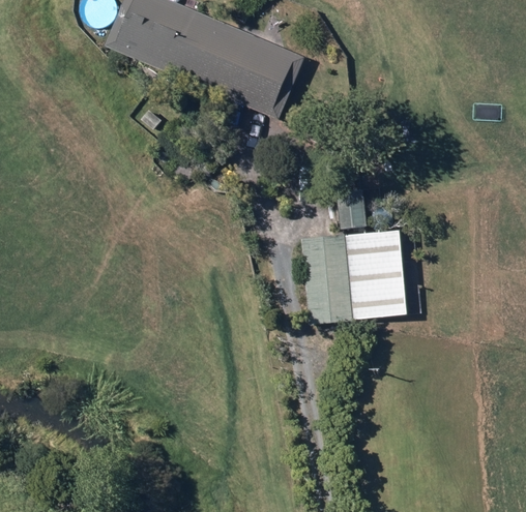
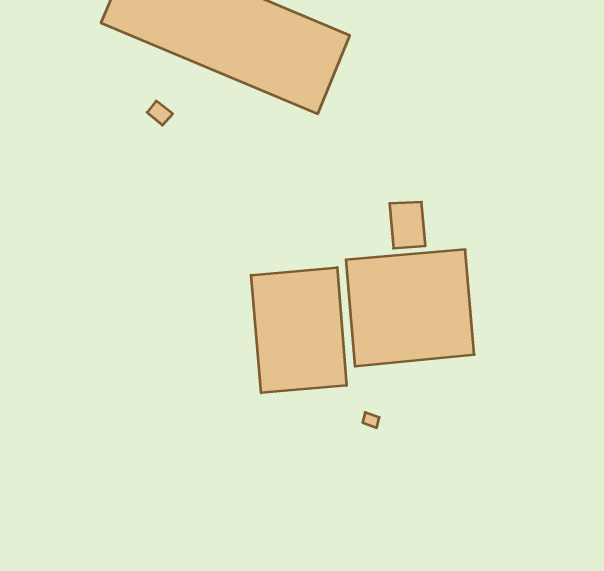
building: none -> [251,267,346,393]

